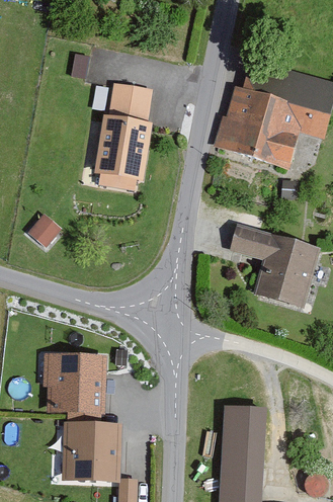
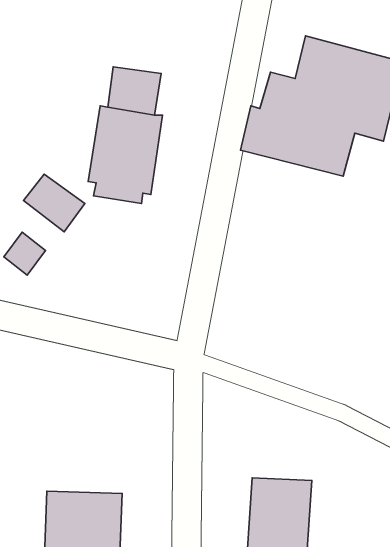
building: none -> [23,174,85,232]
building: [228,226,321,310] -> none
building: [41,346,106,407] -> none

